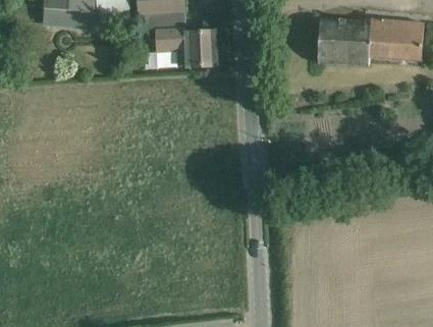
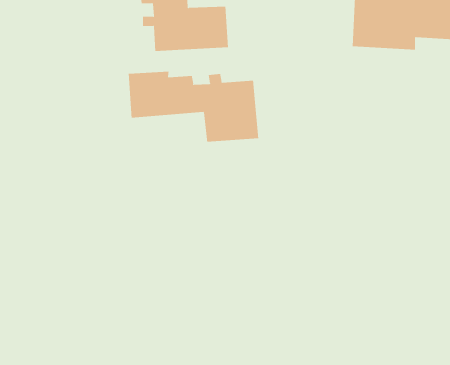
building: none -> [128,71,259,143]

